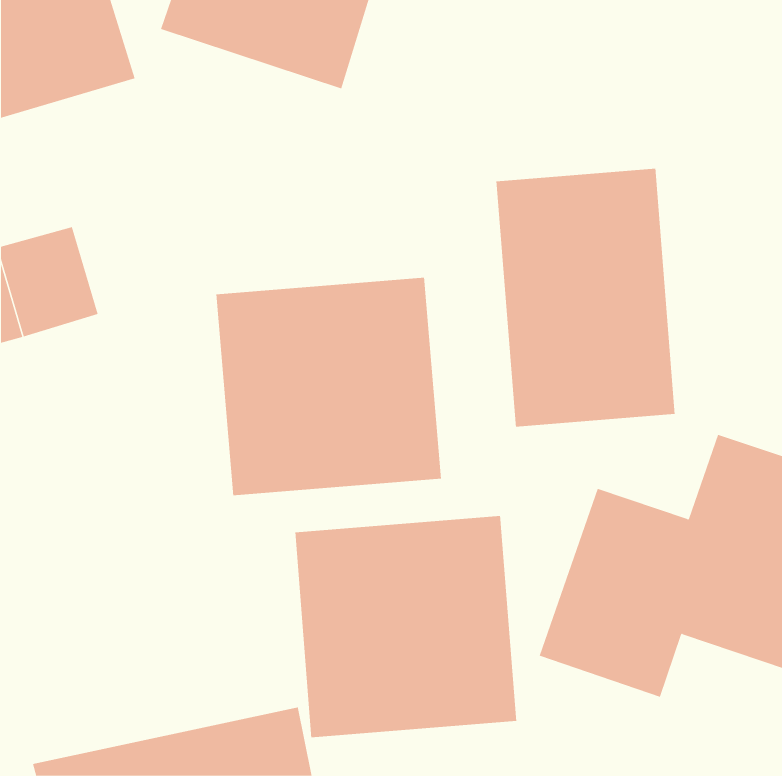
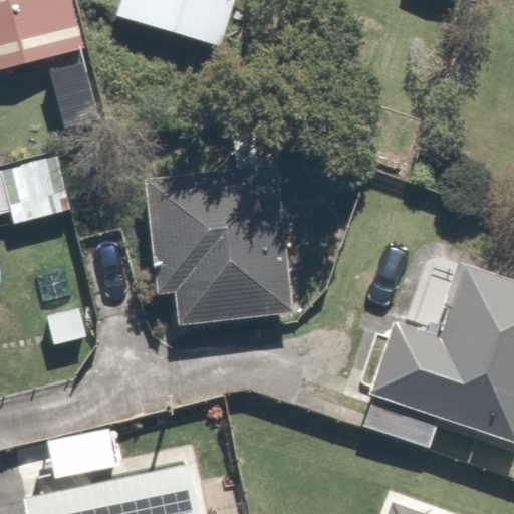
building: [496,168,675,427] -> none
building: [295,515,517,738] -> none

